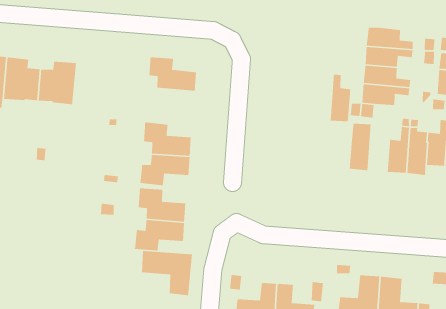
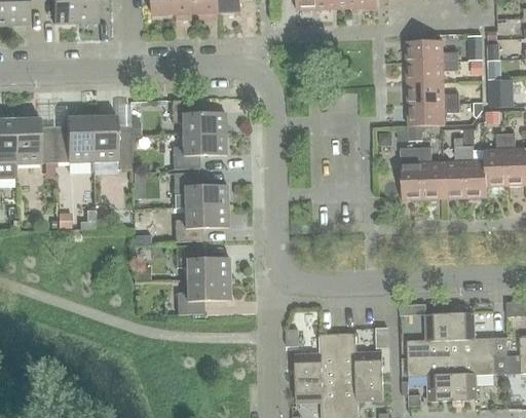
building: none -> [91,114,132,168]
building: [330,74,351,122] -> [421,147,444,199]
building: none -> [173,132,226,168]
building: [141,250,193,296] -> none

